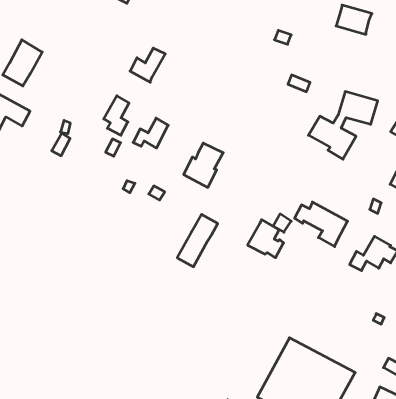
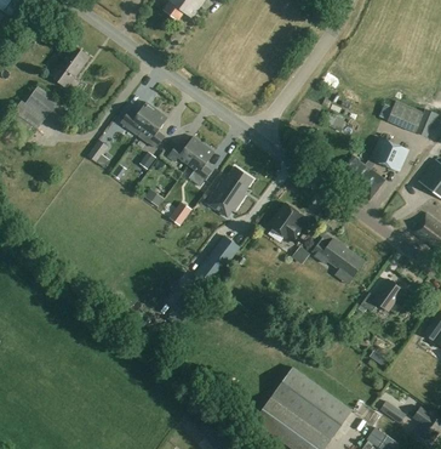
building: [336,5,372,34] -> [388,101,424,132]
building: [130,48,165,82] -> [121,103,158,136]
building: none -> [189,146,214,186]
building: [248,220,284,258] -> [269,203,304,241]

